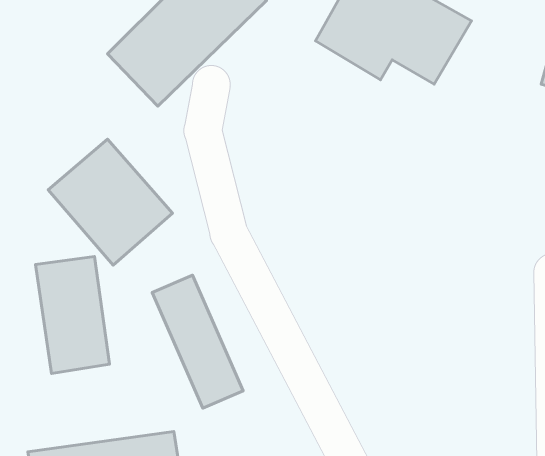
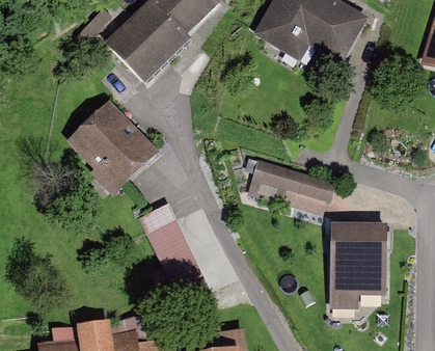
building: none -> [250,159,333,201]
building: [35,256,110,373] -> none
building: none -> [332,226,384,304]

